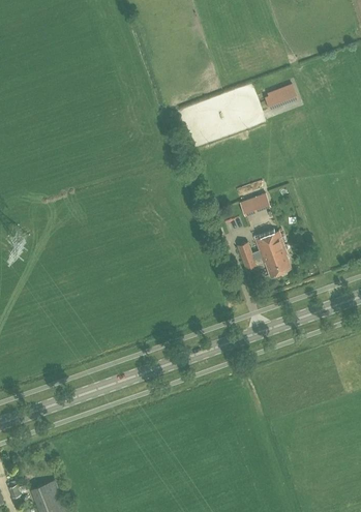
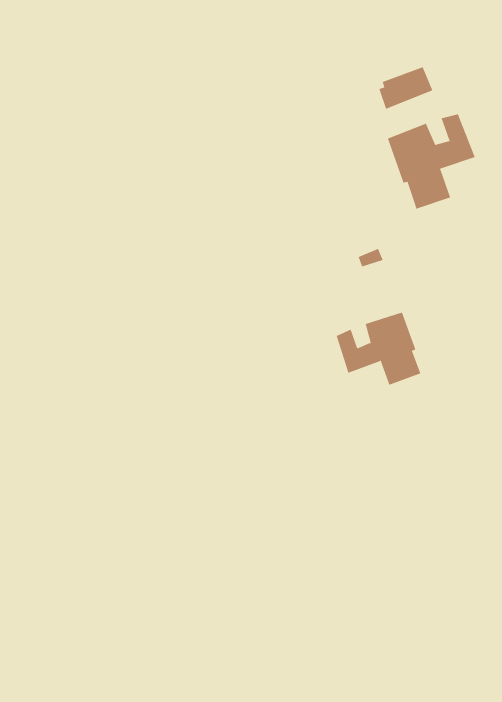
building: none -> [387,114,476,210]

